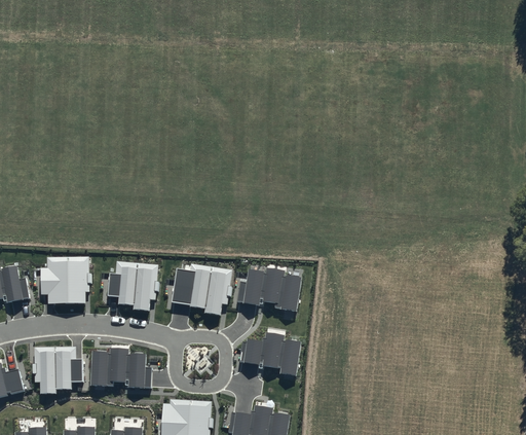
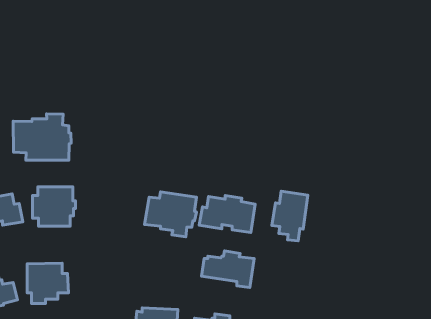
building: none -> [13,114,71,160]
building: [106,261,159,310] -> none
building: none -> [272,191,308,241]
building: [88,348,152,388] -> none

